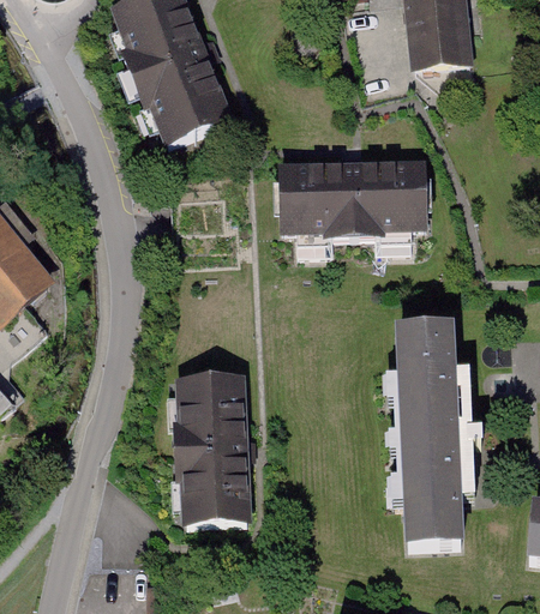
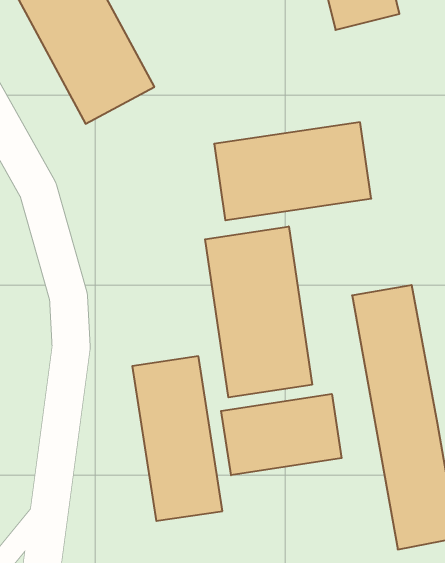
building: none -> [205,226,312,397]
building: none -> [221,394,342,475]

